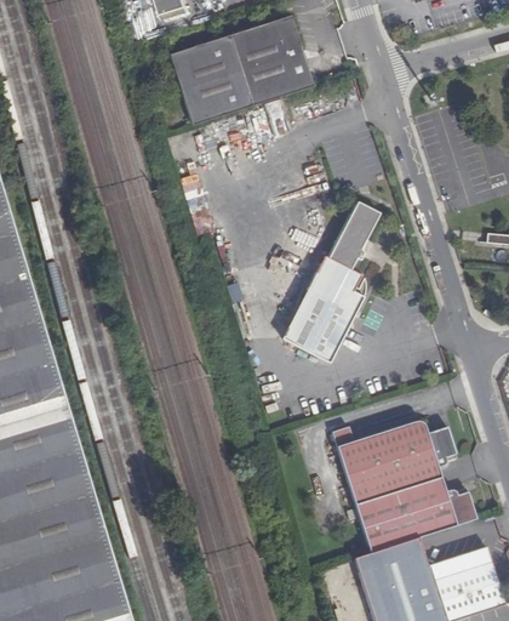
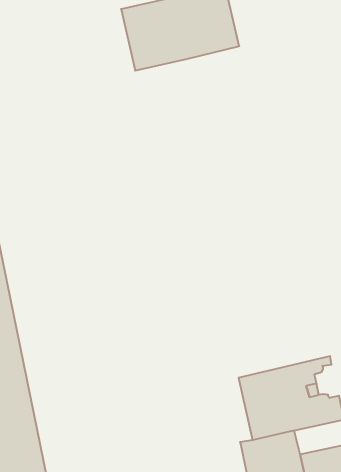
building: [281,201,379,363] -> none
building: [331,421,453,480] -> none

